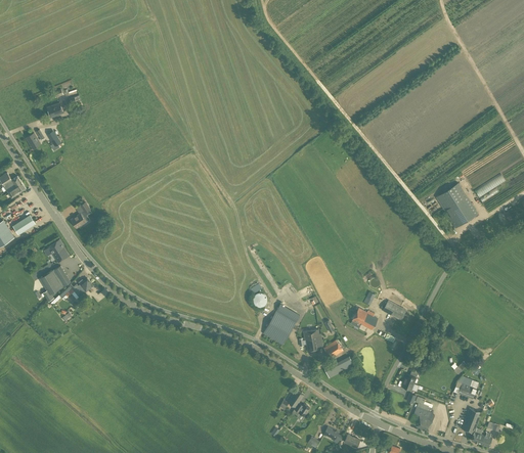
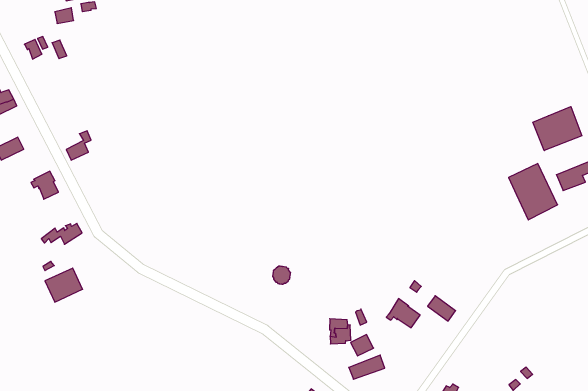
building: none -> [533,107,582,151]
building: [38,265,70,295] -> [45,268,83,302]
building: [262,304,299,345] -> none

